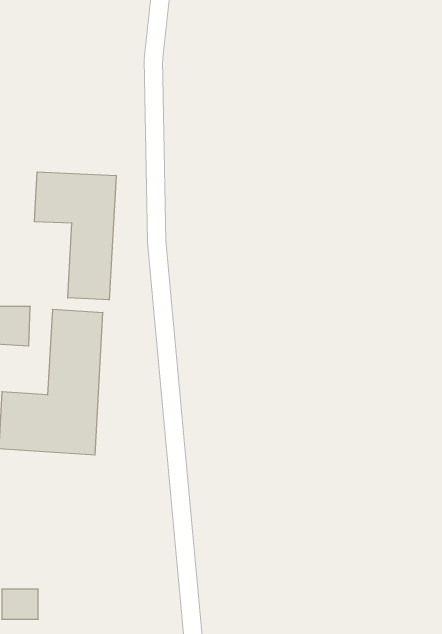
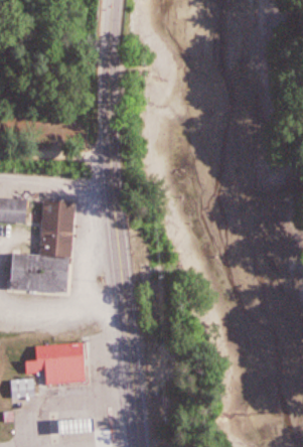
building: [34,172,116,300] -> none
building: none -> [33,341,83,382]

